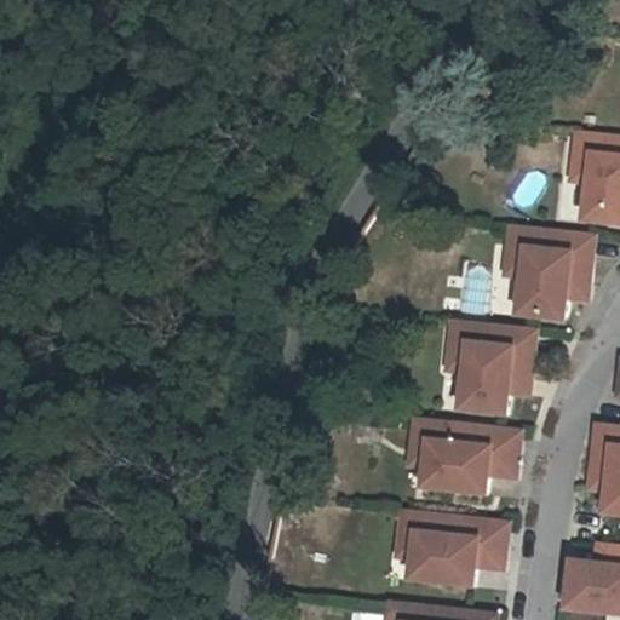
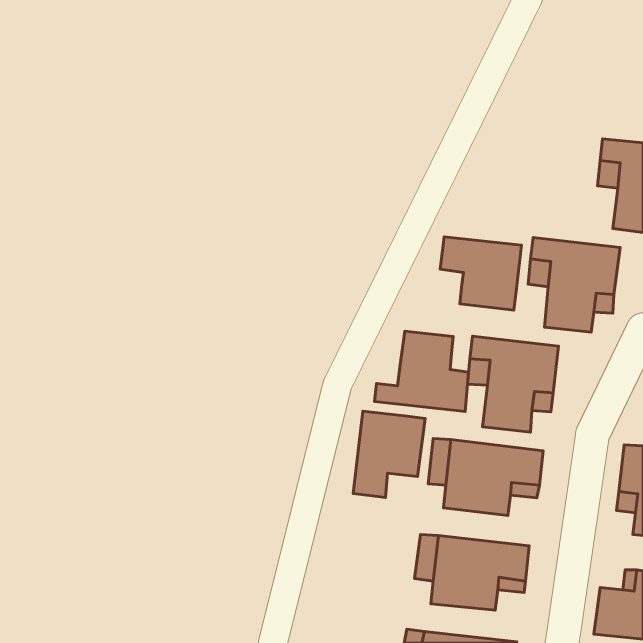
building: none -> [440,237,522,310]
building: none -> [374,331,468,411]
building: none -> [353,411,425,497]

